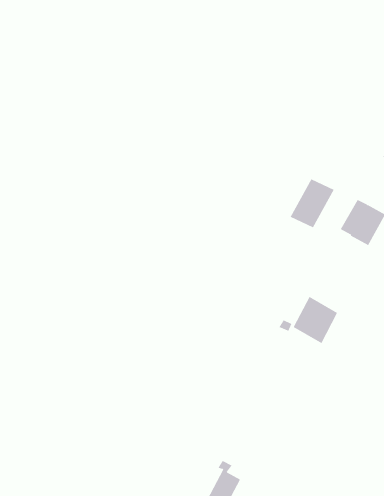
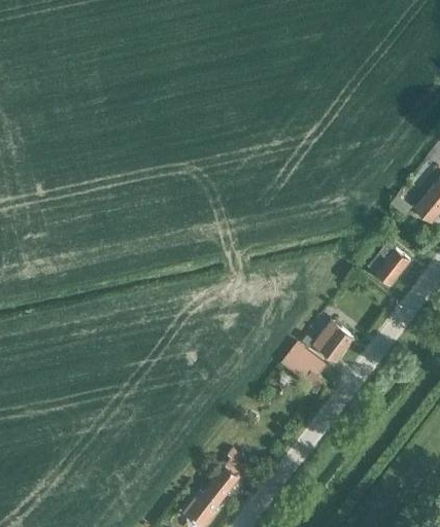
building: [290,179,335,228] -> none
building: none -> [282,343,326,377]

